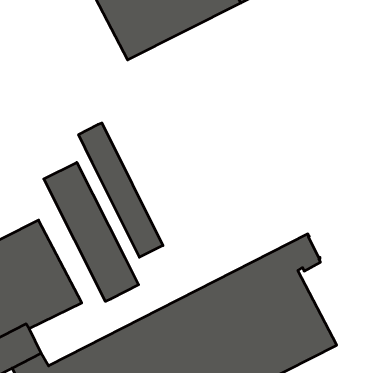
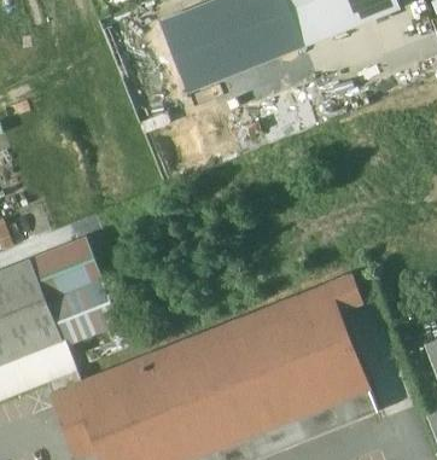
building: [79,123,163,257] -> none
building: [44,162,139,301] -> none

